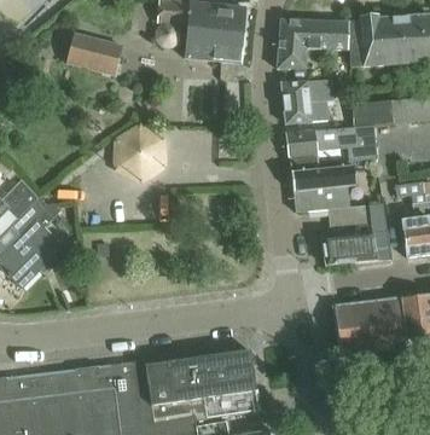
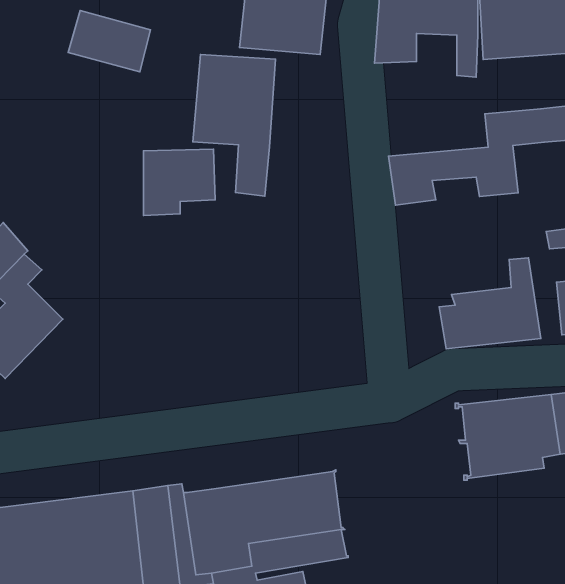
building: none -> [193,54,275,196]
building: [280,79,332,123] -> none
building: [291,164,371,228] -> none

